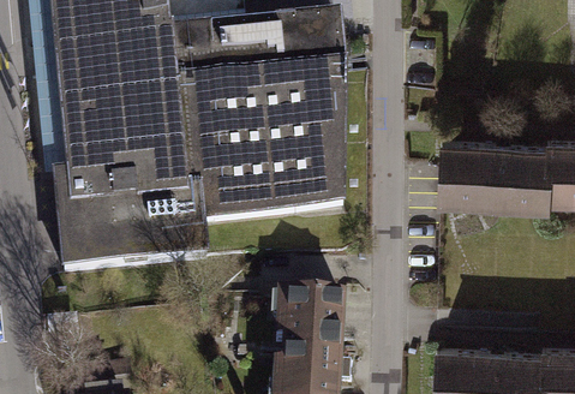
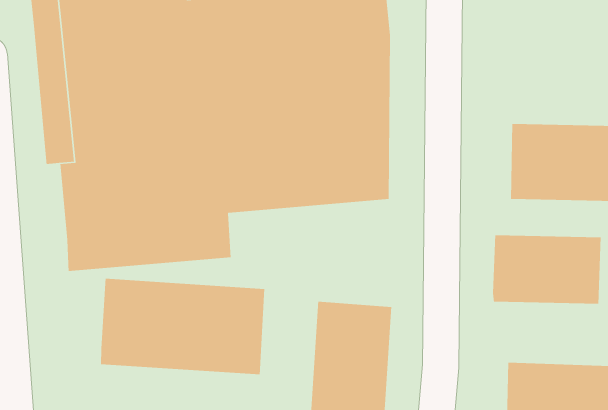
building: none -> [492,235,602,304]
building: none -> [100,278,265,375]

